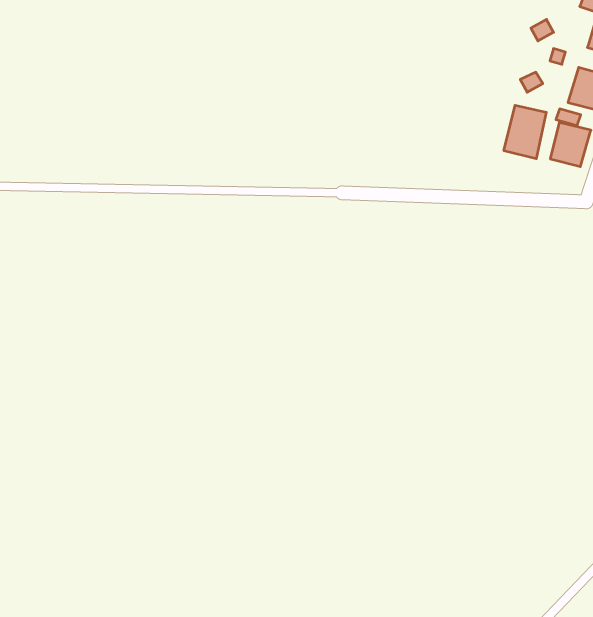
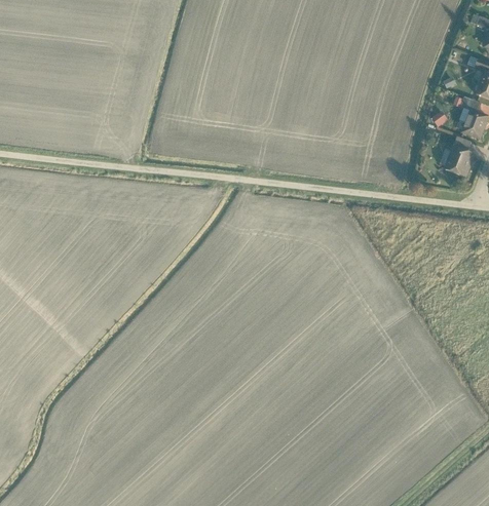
building: [504,105,546,159] -> none

